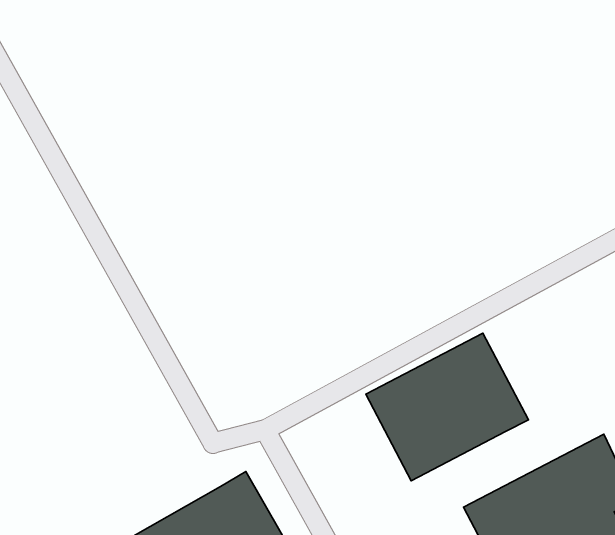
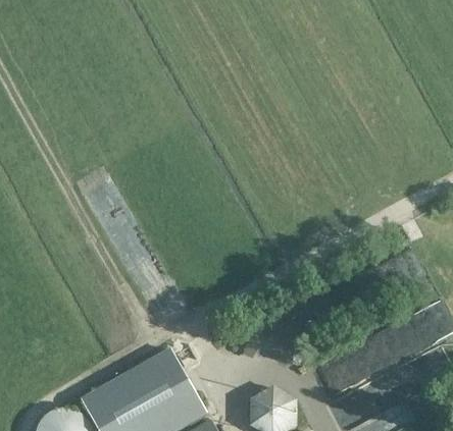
building: [366,333,529,481] -> none

